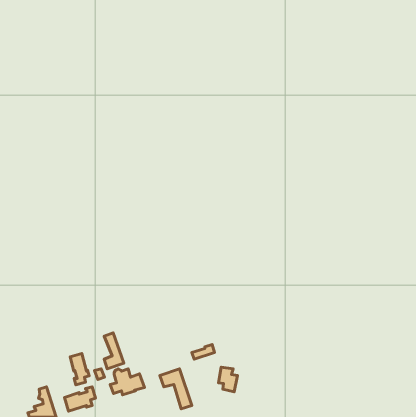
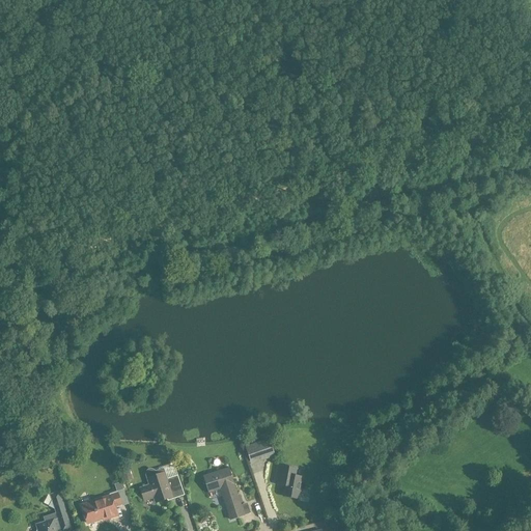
building: [104,333,124,369] -> none
building: [70,353,89,385] -> none

